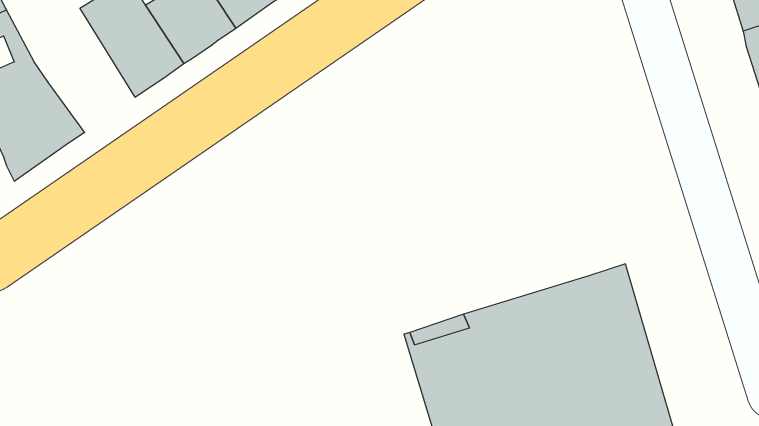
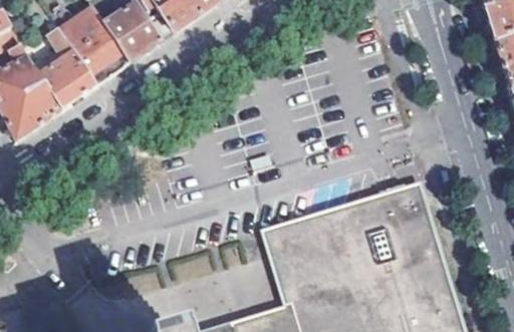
building: none -> [38,25,95,106]

